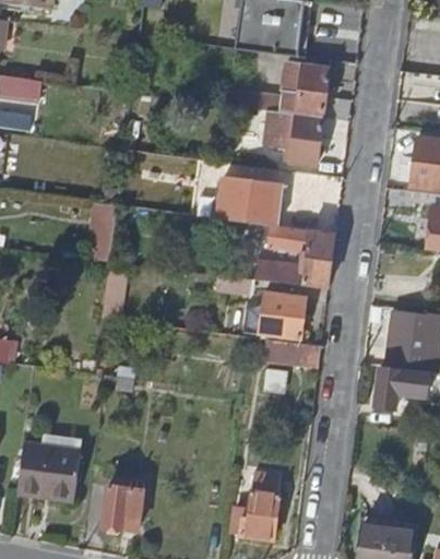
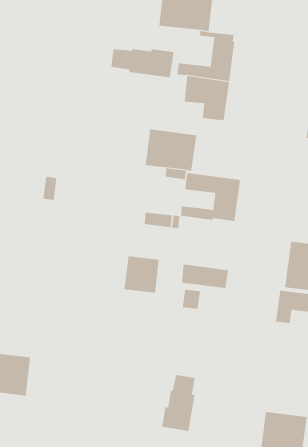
building: none -> [111,48,174,78]
building: [259,292,302,336] -> [123,256,160,293]
building: [99,486,141,534] -> none

